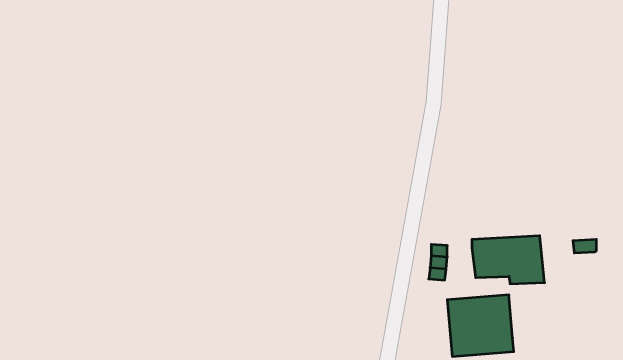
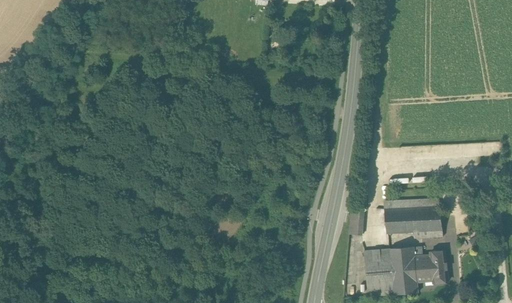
building: none -> [414,246,448,283]

